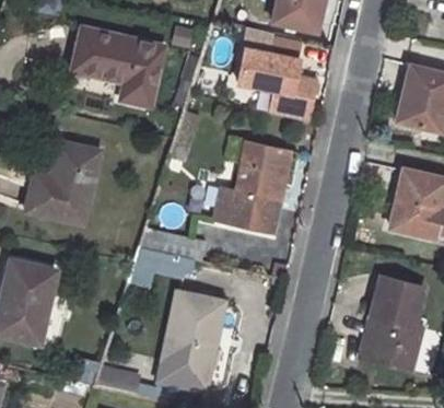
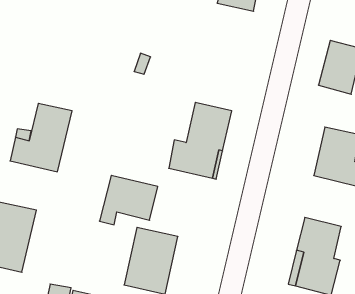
building: [72,27,163,104] -> none
building: [235,36,320,121] -> none

